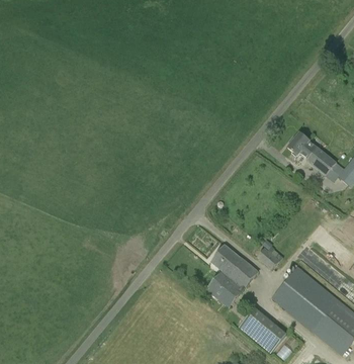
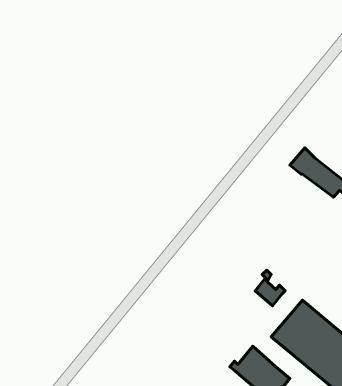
building: [206,245,257,306] -> none

